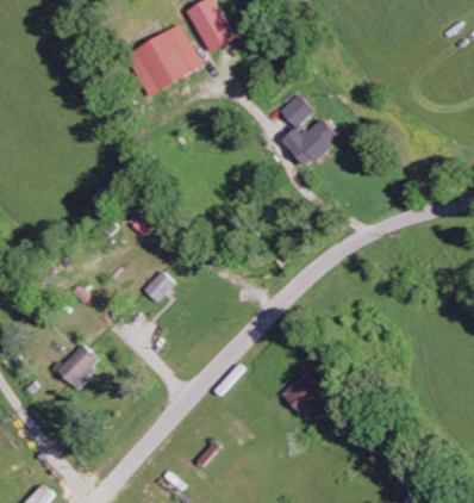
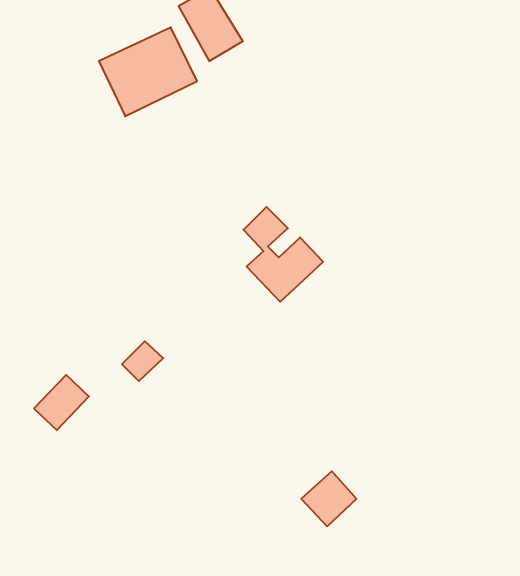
building: [279,93,341,167] -> [243,207,323,302]
building: [57,344,100,387] -> [34,375,89,430]

